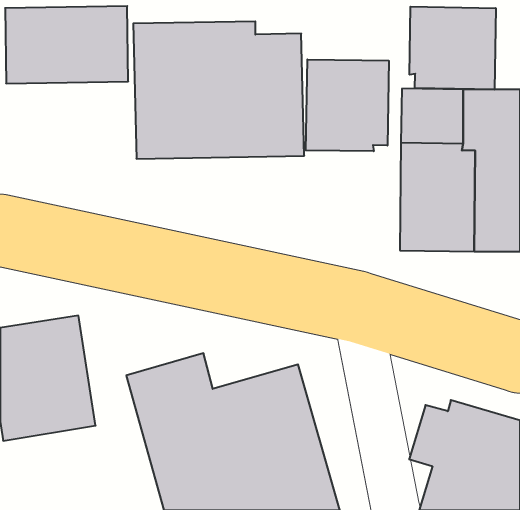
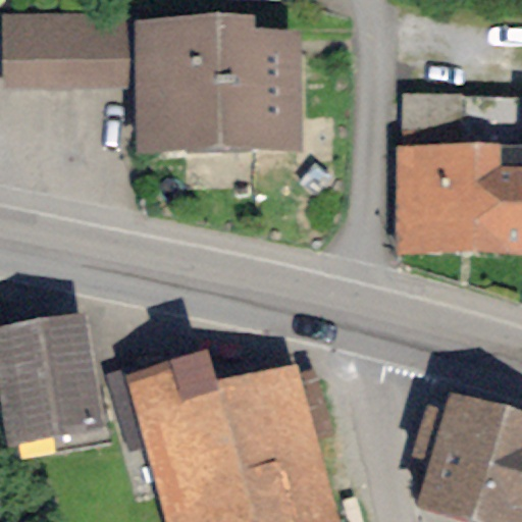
building: [410,7,496,90] -> none
building: [306,59,389,151] -> none

